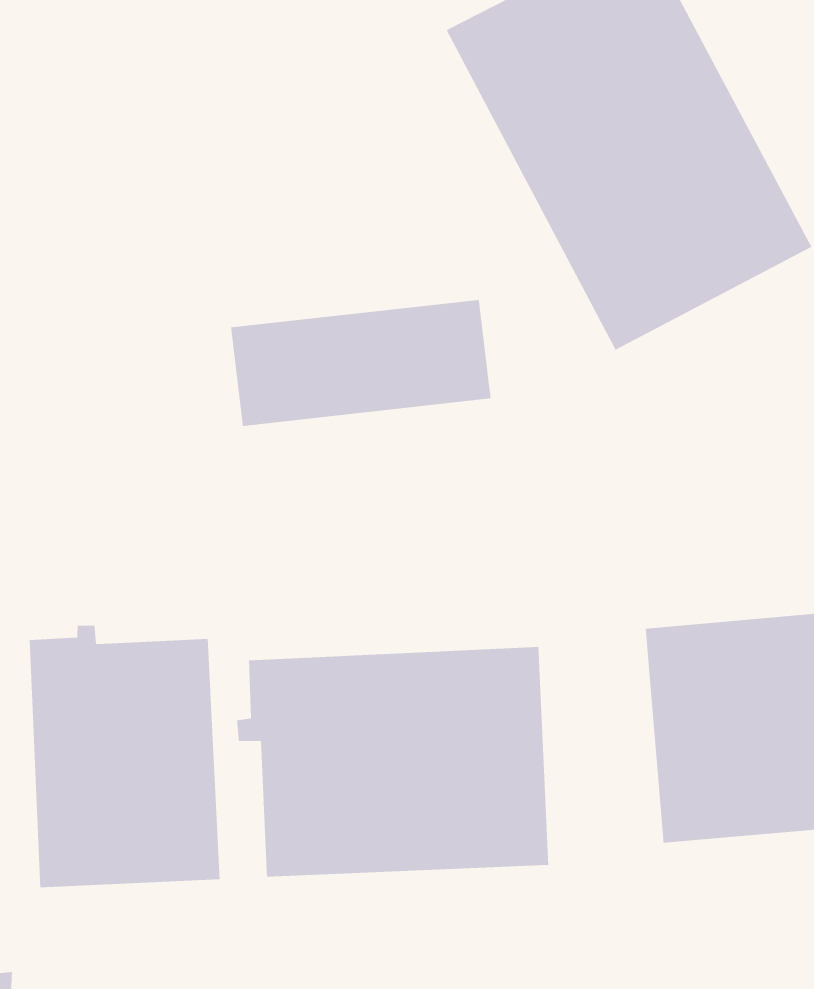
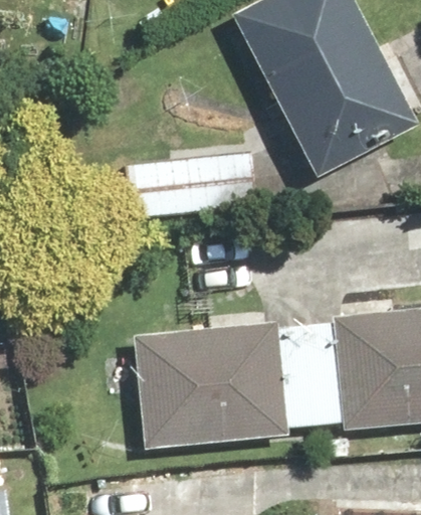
building: [29,625,220,888] -> none

